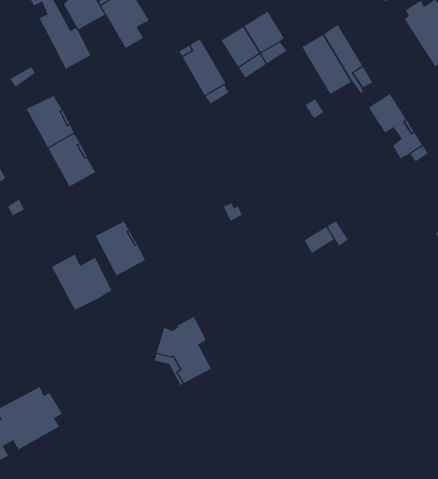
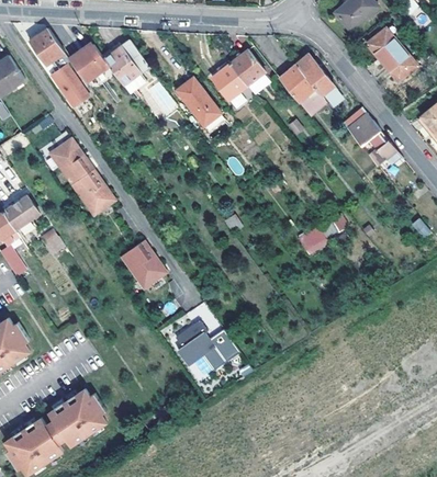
building: [51,254,112,311] -> none

